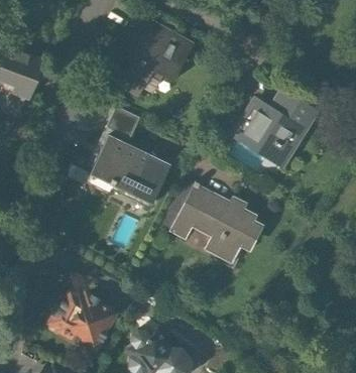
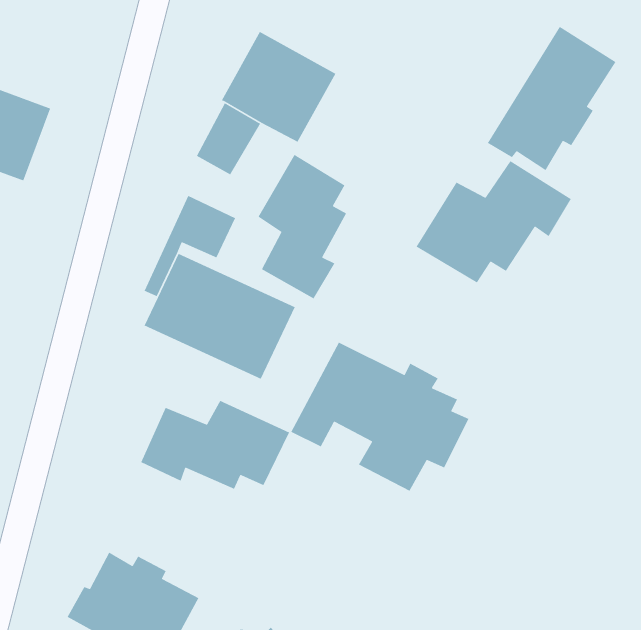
building: none -> [487,26,616,171]
building: none -> [258,154,347,300]
building: none -> [140,400,290,490]

